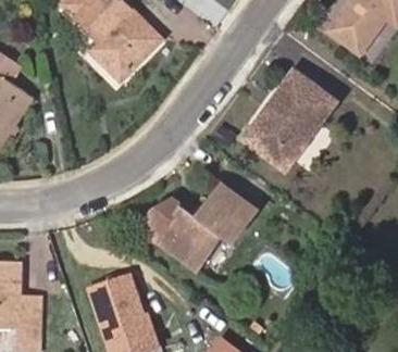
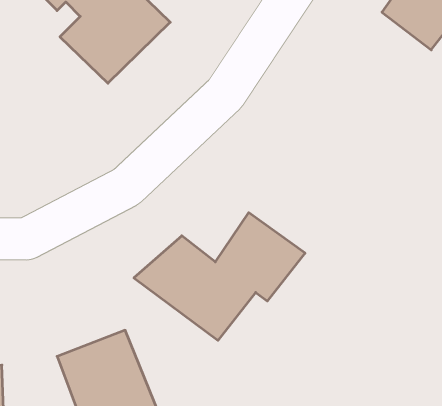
building: [241,72,329,167] -> none

